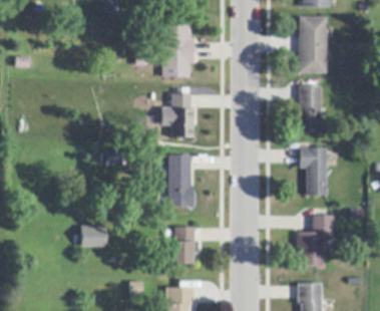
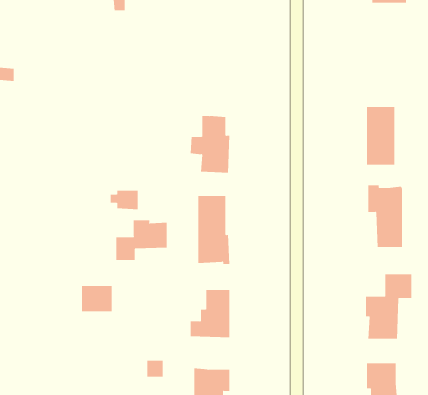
building: [300,17,327,72] -> none
building: [162,24,194,77] -> none
building: none -> [116,219,167,261]

